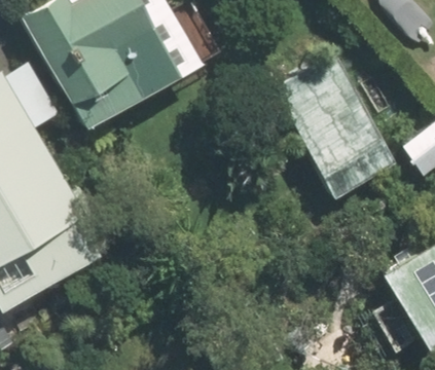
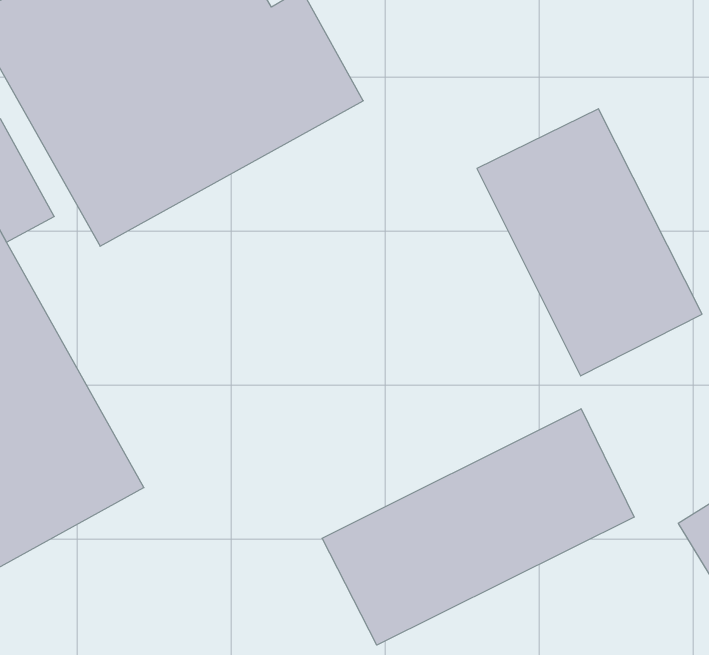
building: none -> [322,409,634,645]

